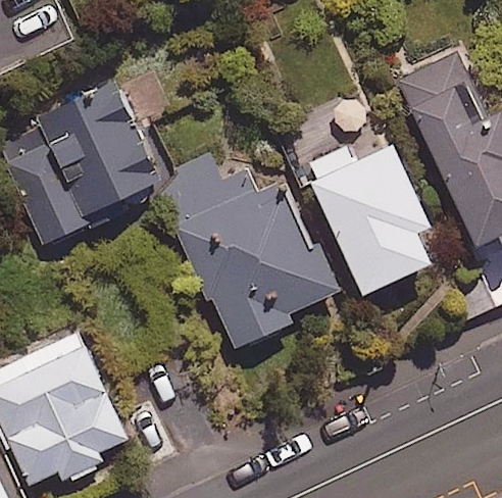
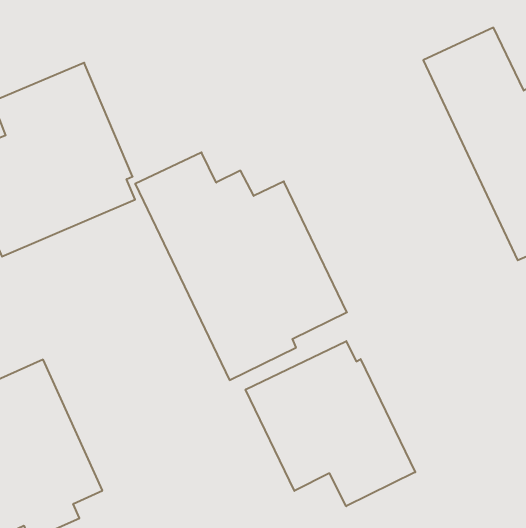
building: [312,146,430,294] -> none
building: none -> [246,341,415,506]

